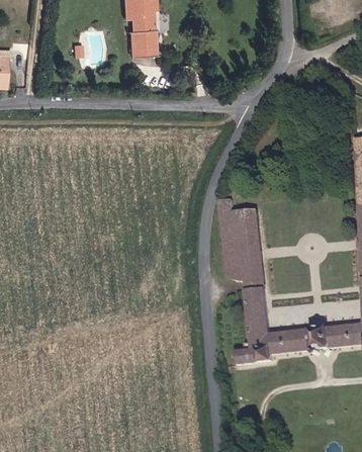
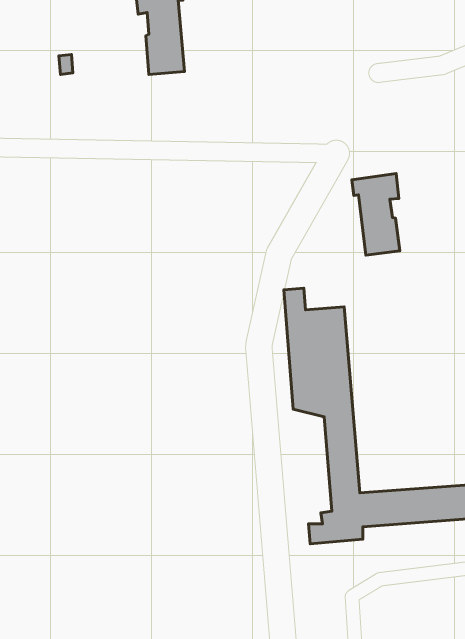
building: none -> [352,174,400,255]

